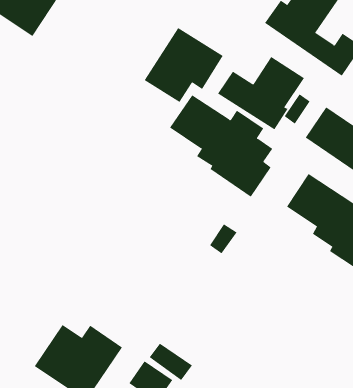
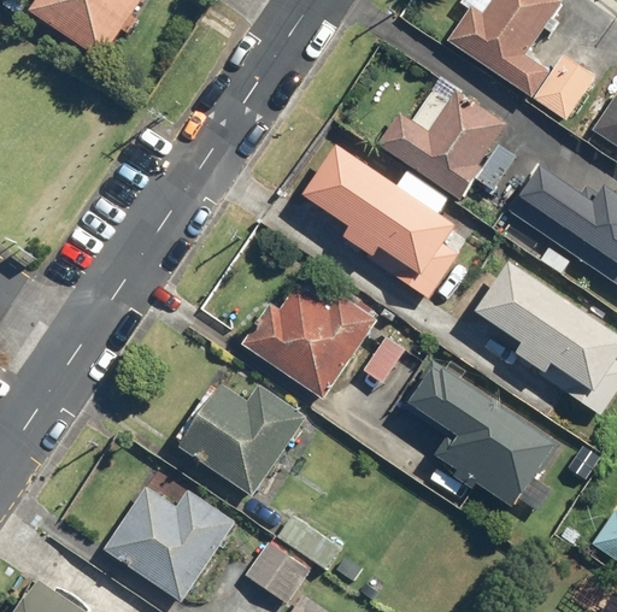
building: [144,27,224,103] -> none
building: none -> [242,283,380,400]
building: none -> [400,360,558,507]
building: none -> [181,384,306,495]

